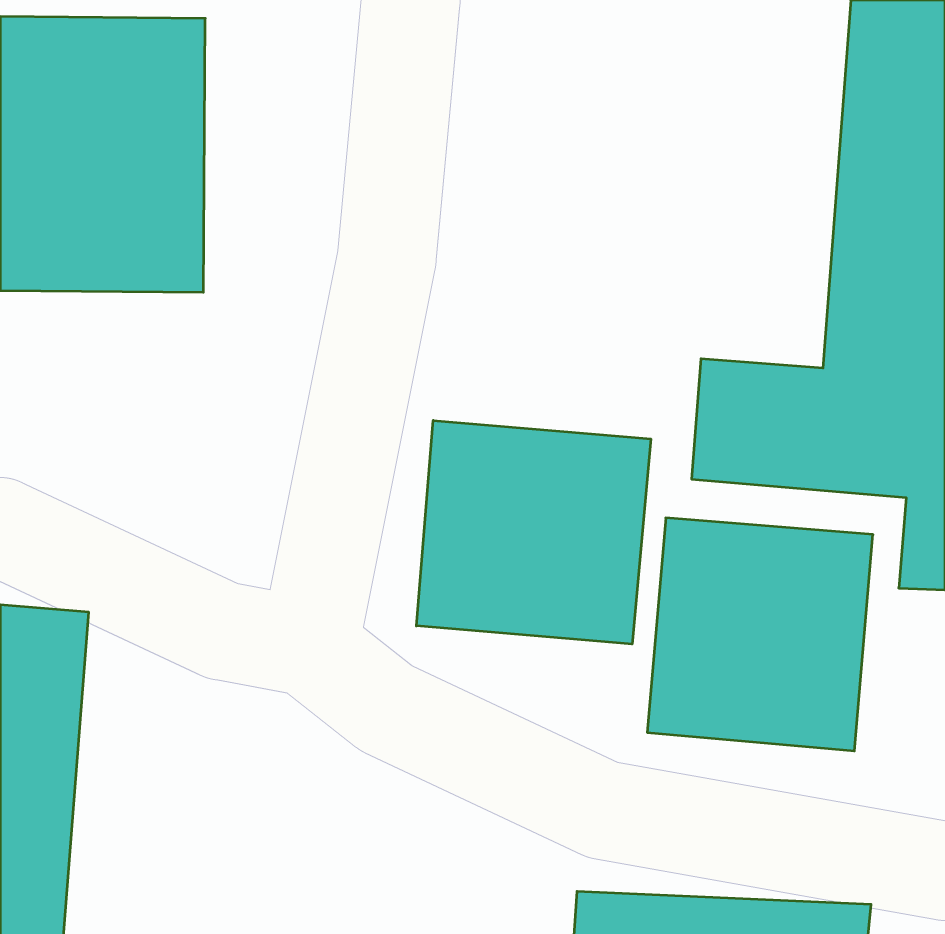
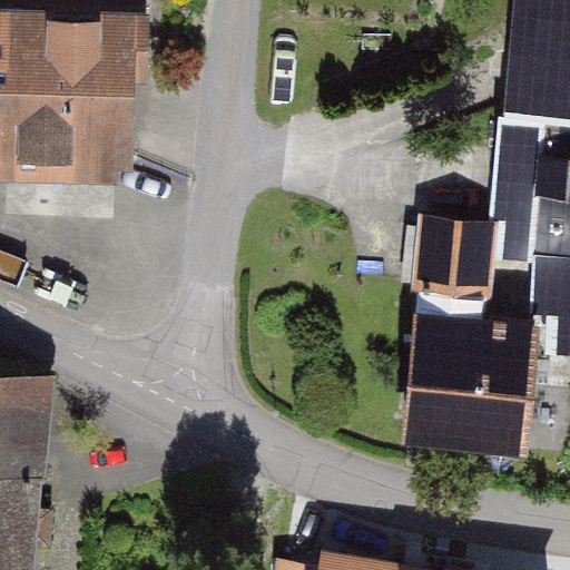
building: [416,420,651,644] -> none

